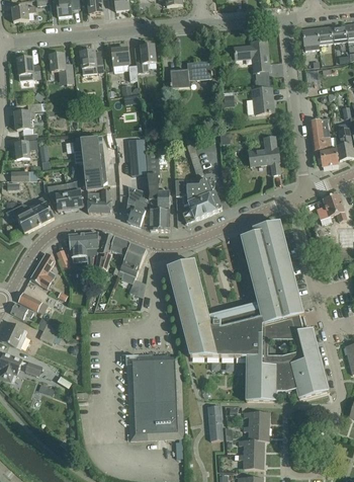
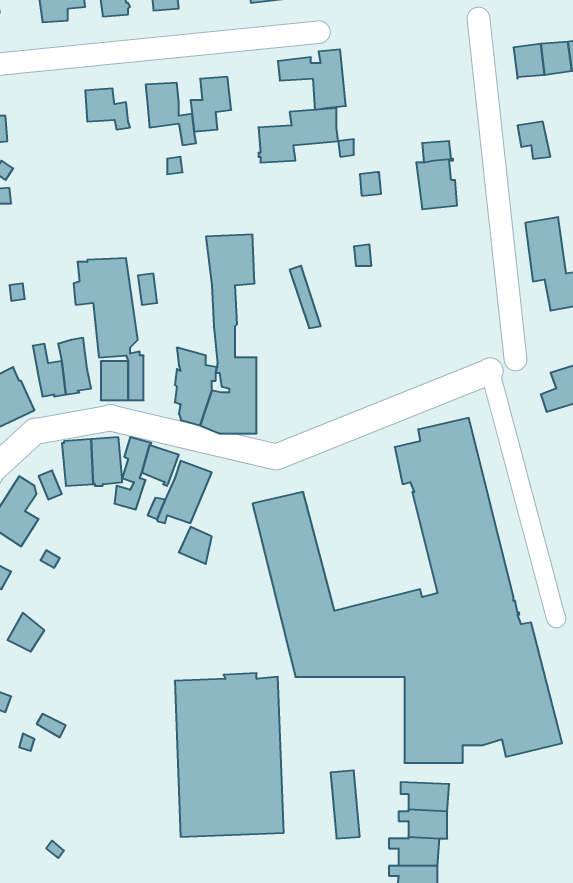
building: [234,39,269,71] -> [278,49,346,110]
building: [49,53,73,77] -> none
building: [249,135,279,173] -> none
building: [127,139,146,174] -> none
building: [175,177,222,222] -> none

